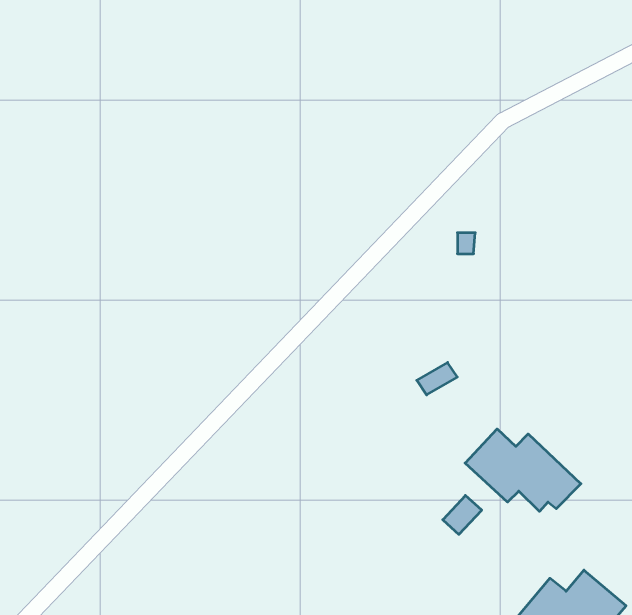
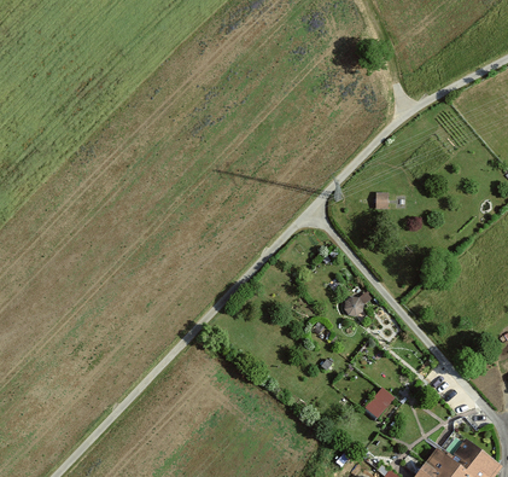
building: [465,429,581,511] -> none

